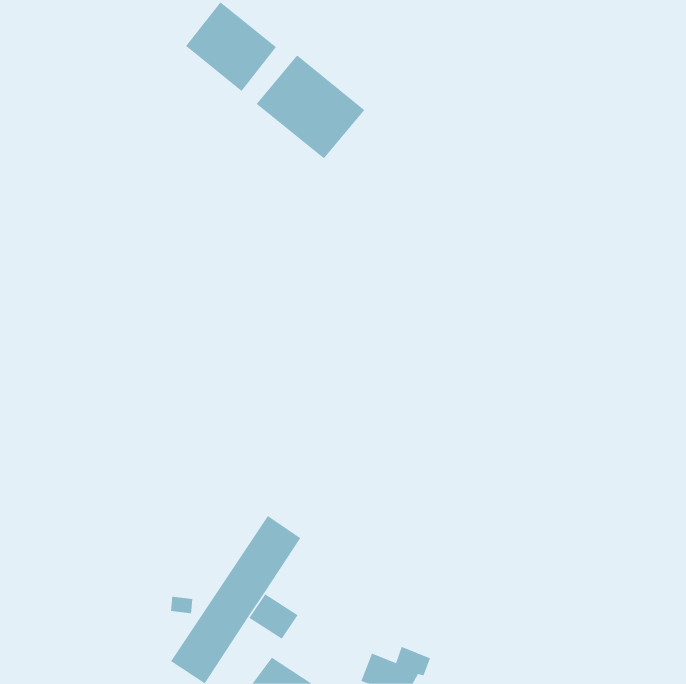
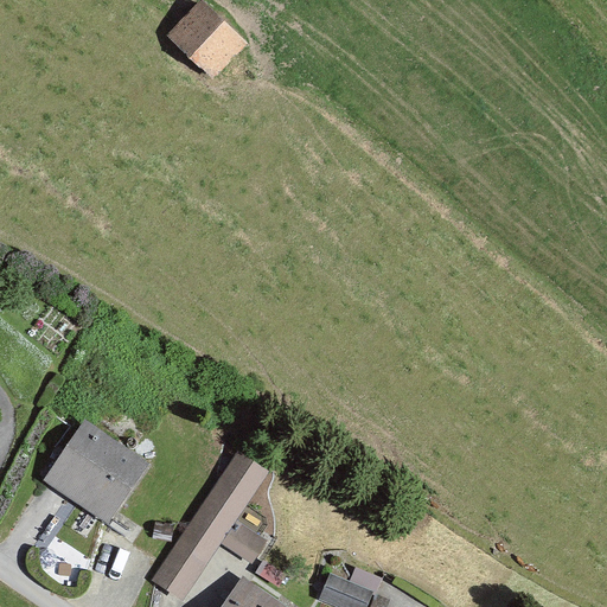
building: [256,54,365,159] -> none
building: none -> [43,418,149,523]

